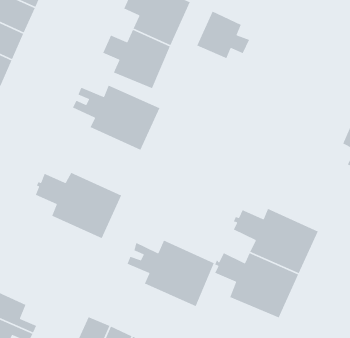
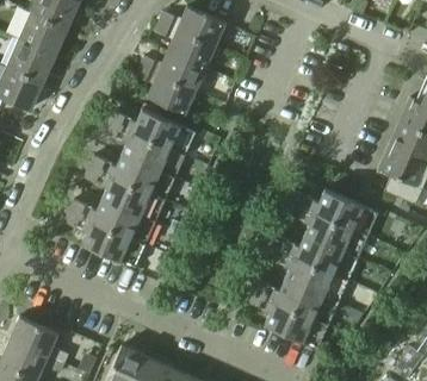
building: [196,10,250,59] -> none
building: none -> [286,188,377,256]
building: [126,240,215,307] -> [83,151,174,220]

